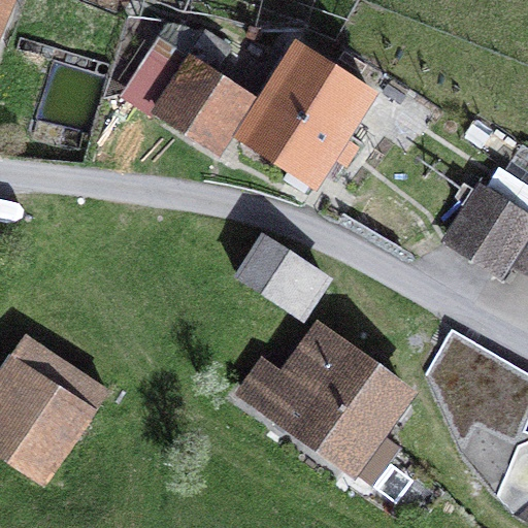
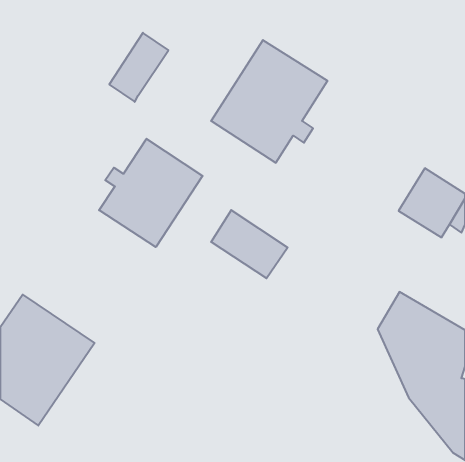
building: [157,33,252,148] -> none
building: none -> [99,139,203,247]
building: [243,327,407,483] -> none

